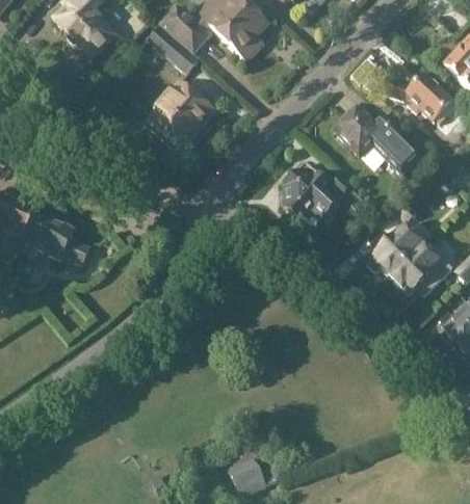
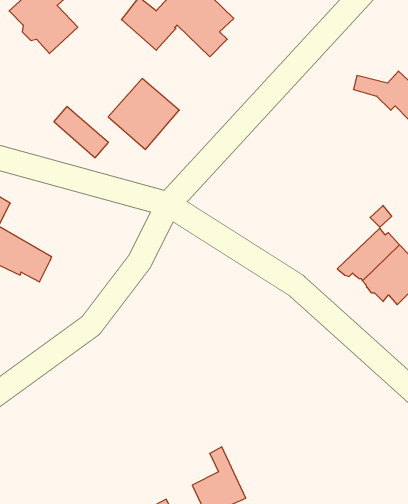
building: [148,24,200,73] -> [54,106,108,158]
building: [334,106,421,174] -> none
building: [282,159,366,220] -> none

